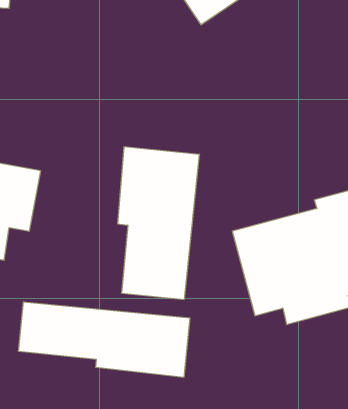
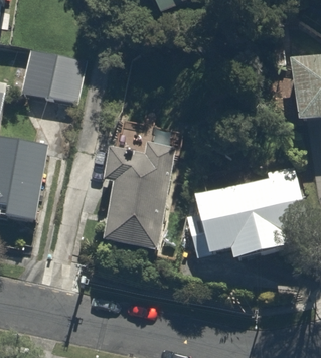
building: none -> [16,39,82,101]
building: [19,302,190,377] -> none

